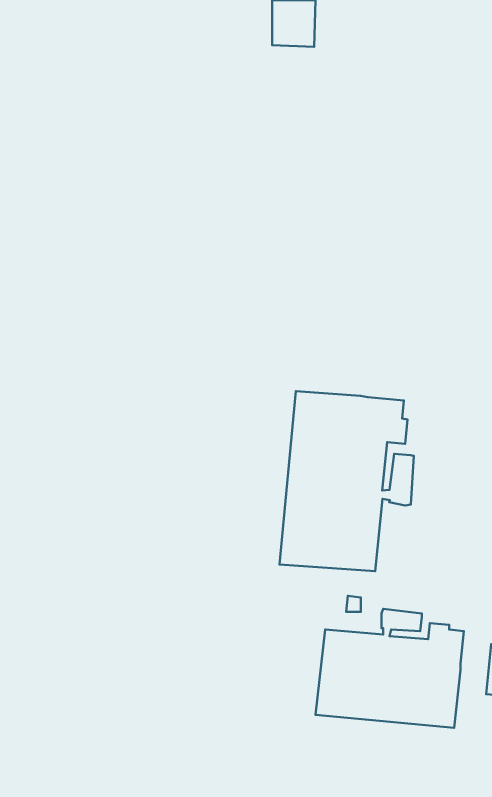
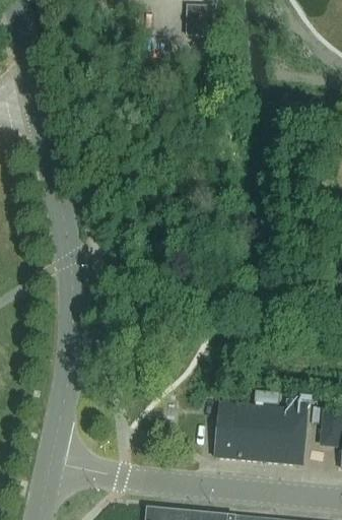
building: [280,391,414,571] -> none

